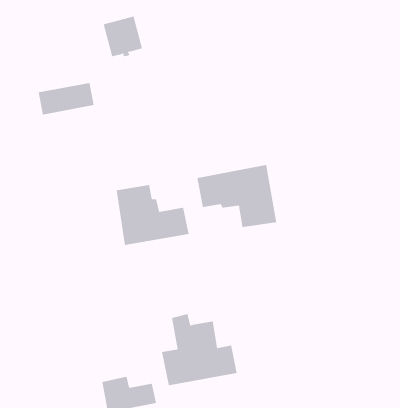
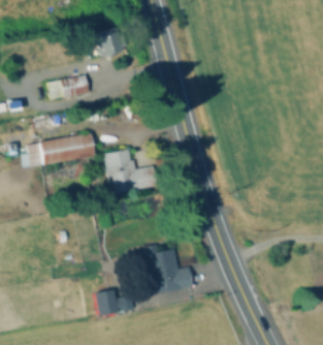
building: none -> [28,133,95,166]
building: [197,164,277,228] -> none

